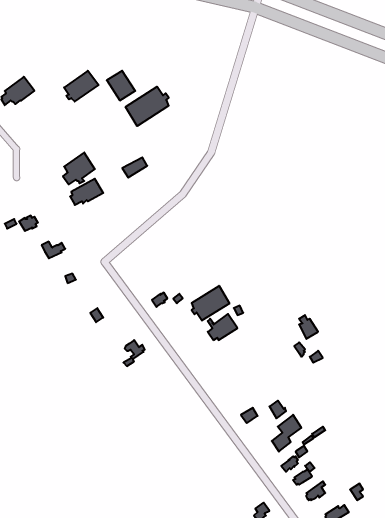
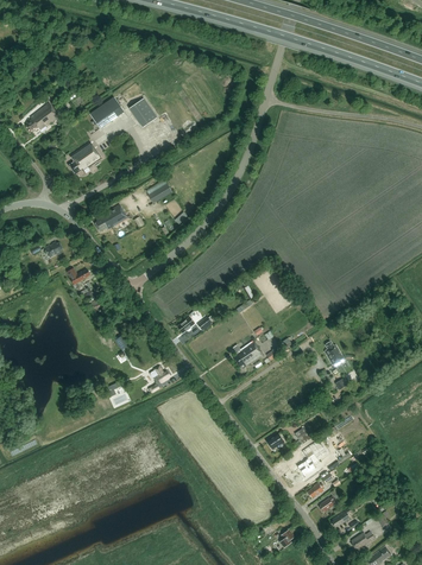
building: [126,87,169,126] -> none
building: [63,152,95,184] -> [69,141,101,173]
building: [192,286,229,321] -> none

